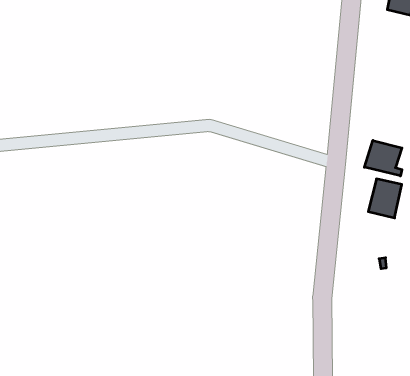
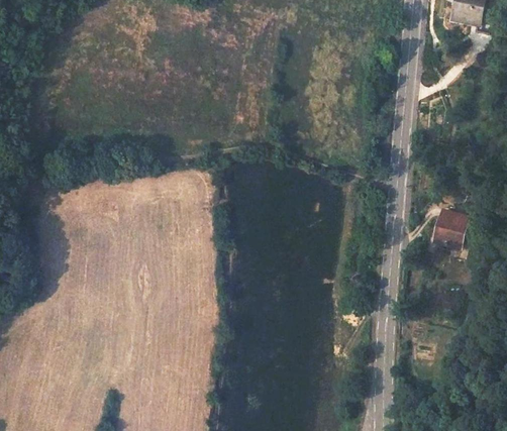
building: [364,140,402,176] -> none

